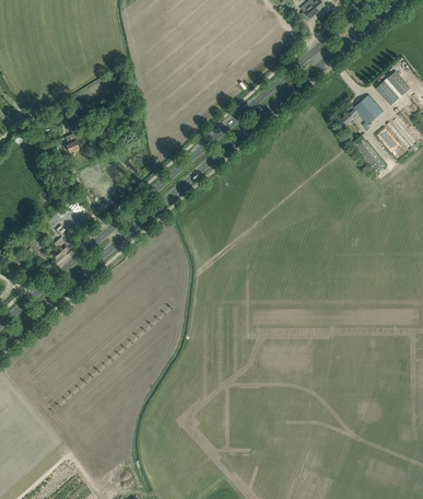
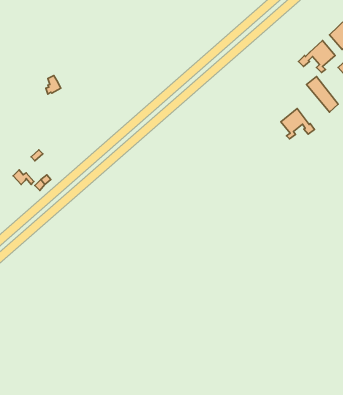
building: none -> [281,108,314,139]

